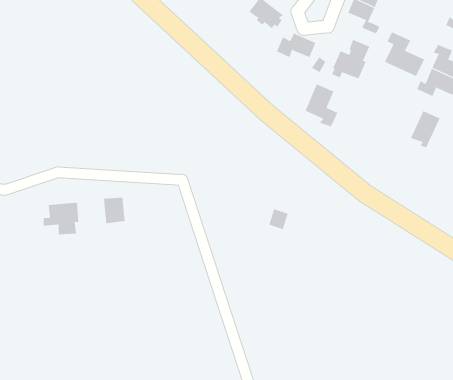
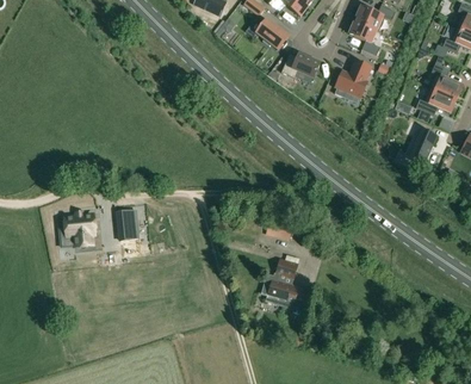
building: [384,32,425,77] -> none
building: [305,84,338,127] -> none
building: none -> [261,258,306,311]

